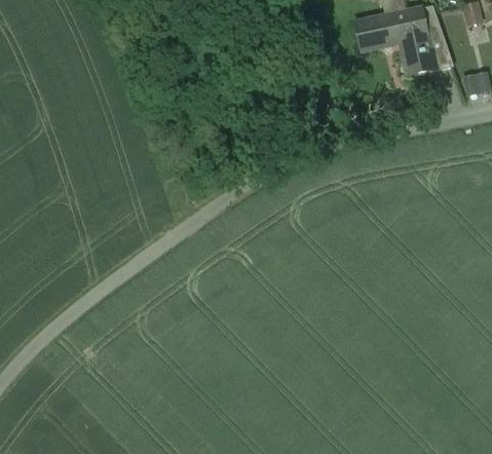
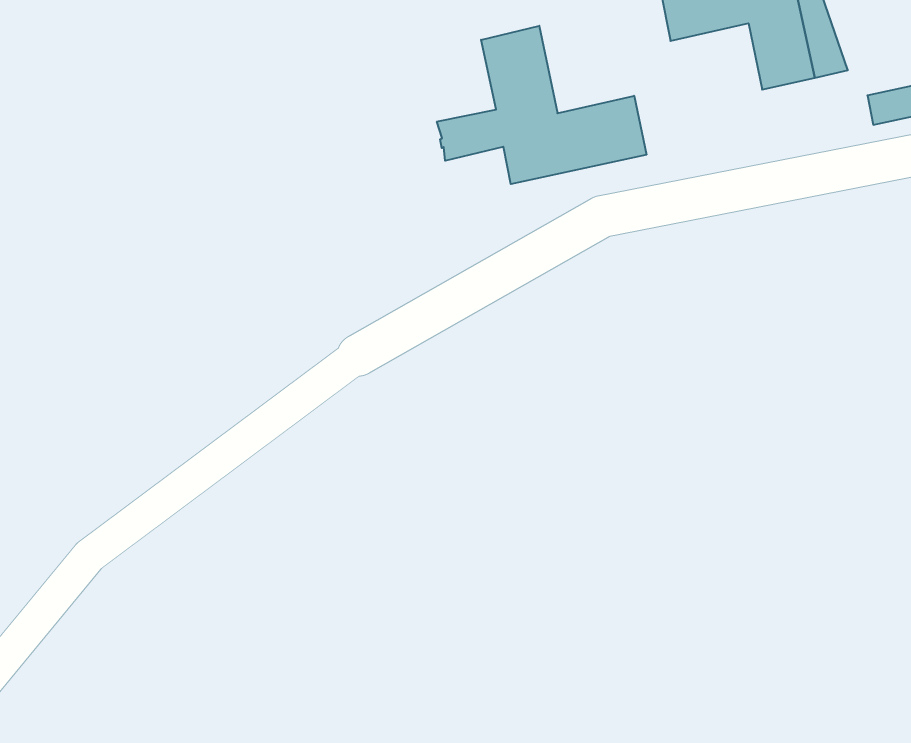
building: none -> [437,26,646,184]

